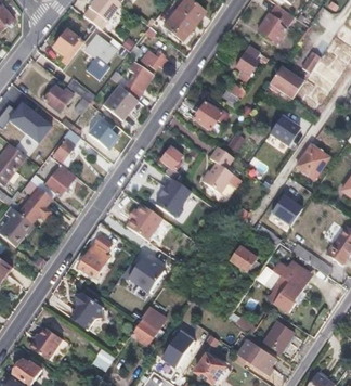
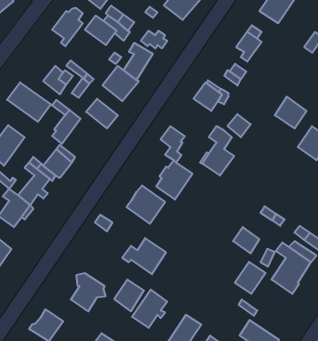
building: [269,65,304,98] -> none
building: [275,195,306,226] -> none
building: [80,245,109,276] -> [114,280,144,311]
building: [265,320,296,351] -> [235,262,266,294]

